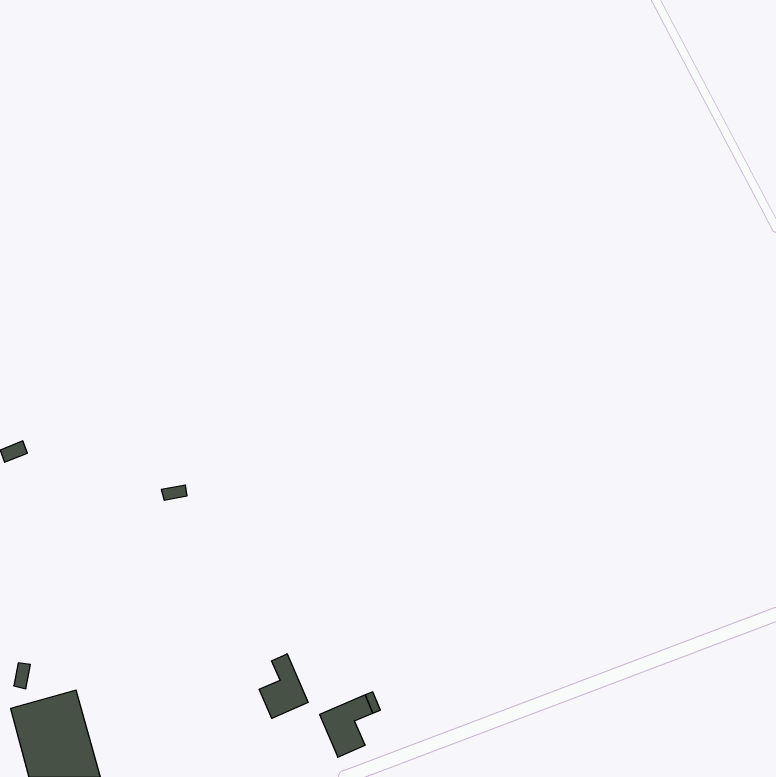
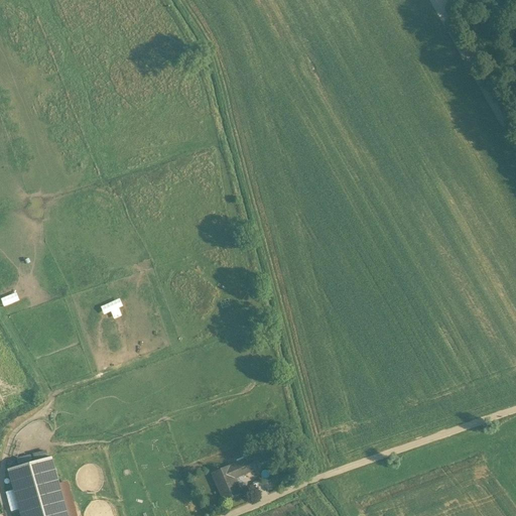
building: [259,654,308,718] -> none

